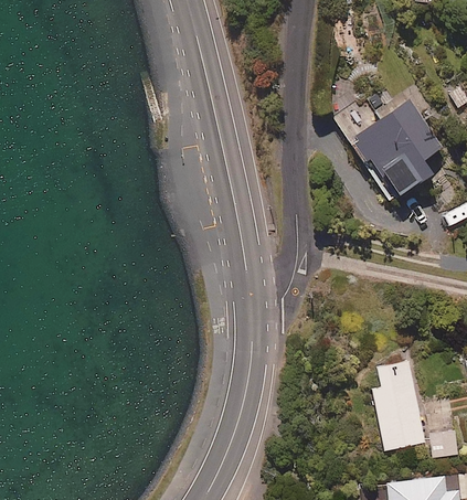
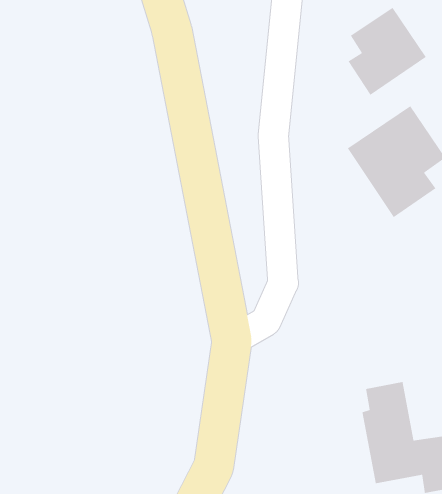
building: none -> [348,7,427,96]

